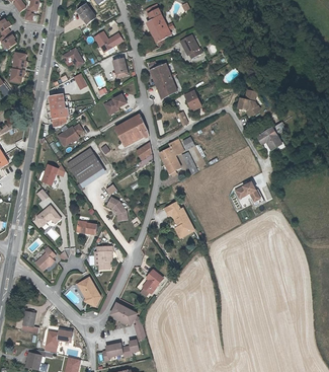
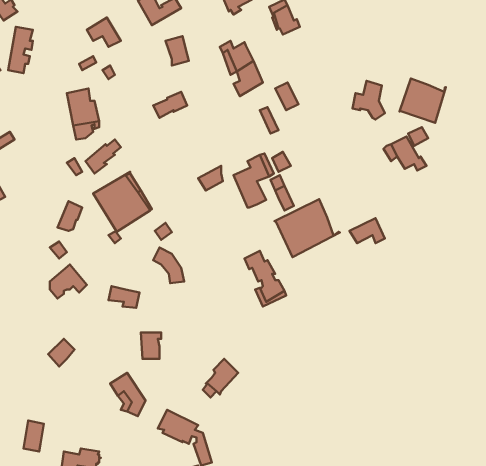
building: none -> [400,79,446,123]
building: [114,116,148,146] -> none
building: none -> [274,199,340,257]

